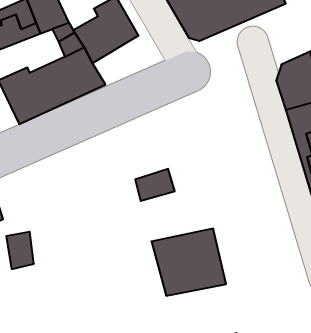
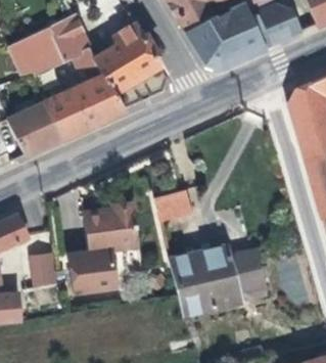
building: none -> [66,207,137,299]
building: none -> [231,252,270,303]

